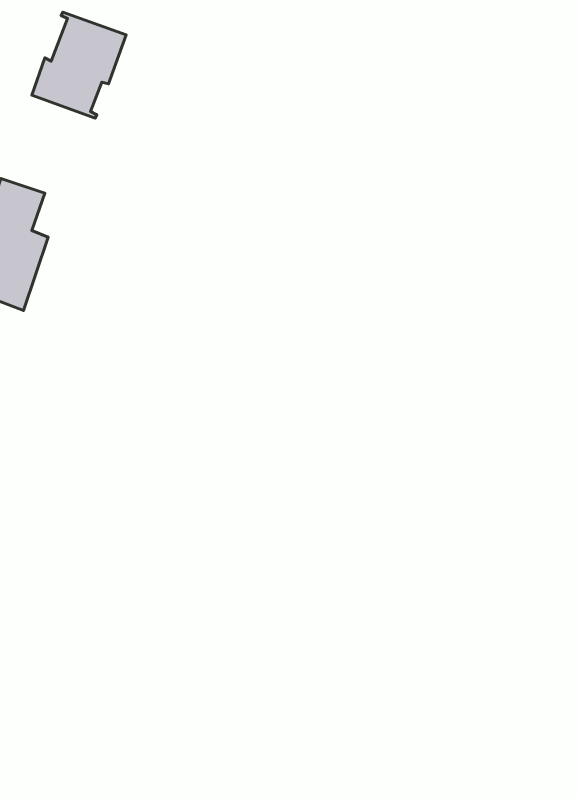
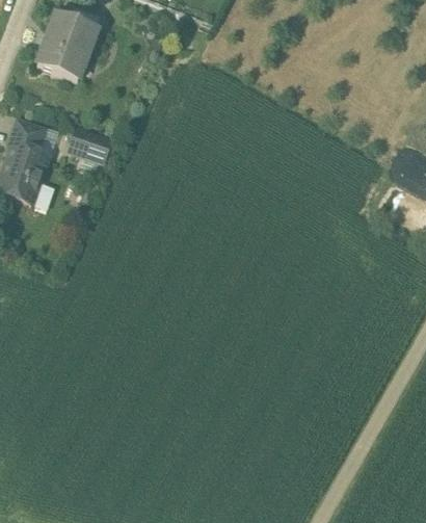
building: none -> [72,129,109,160]

